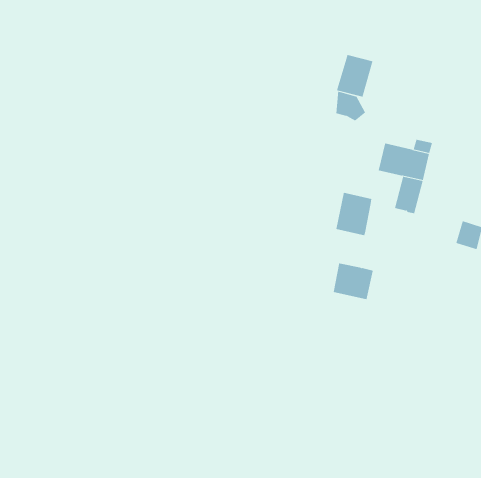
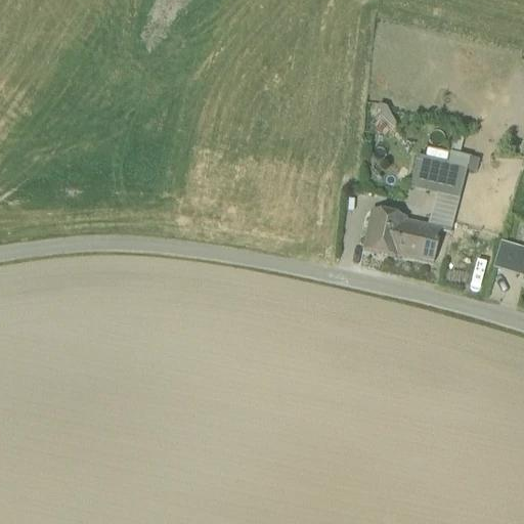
building: [337,54,373,98] -> none
building: [333,263,374,300] -> [398,220,442,260]

